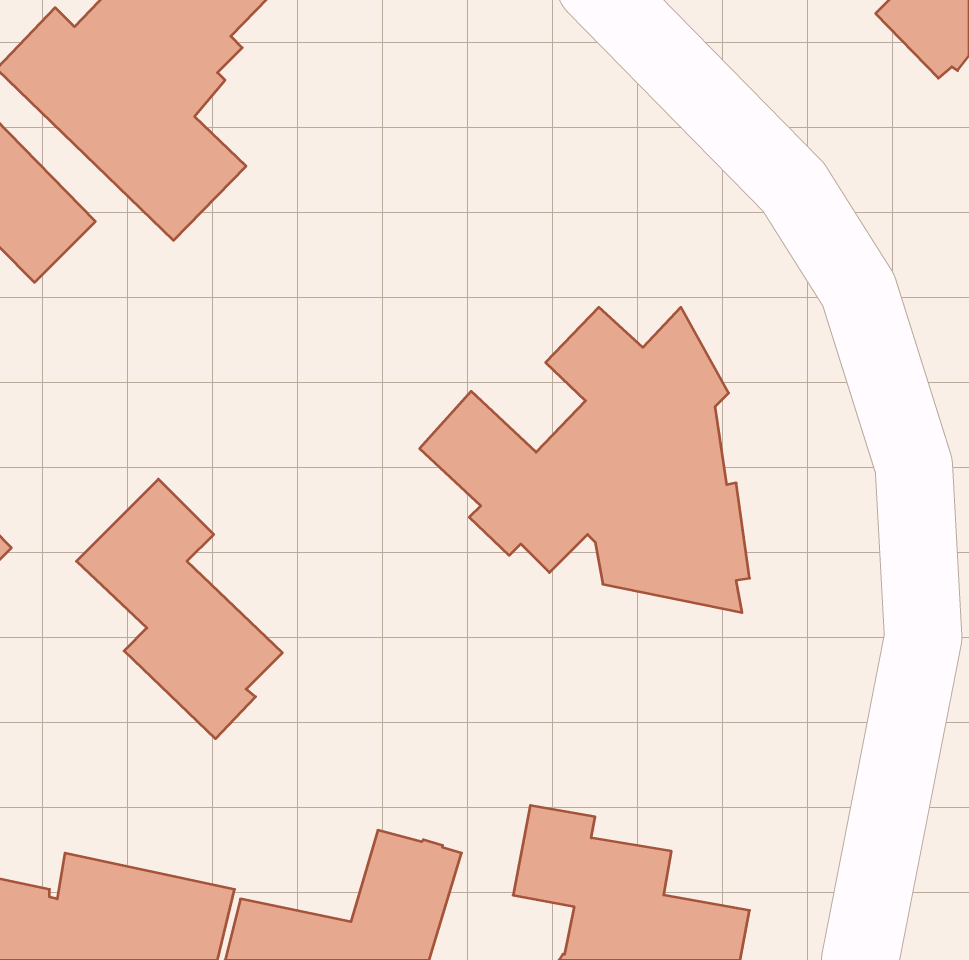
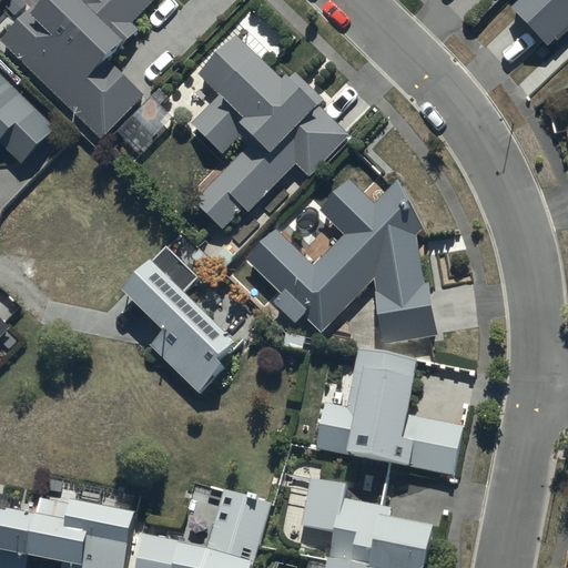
building: none -> [187,36,348,230]
building: [76,479,282,739] -> [118,241,237,392]
building: none -> [314,345,463,474]

